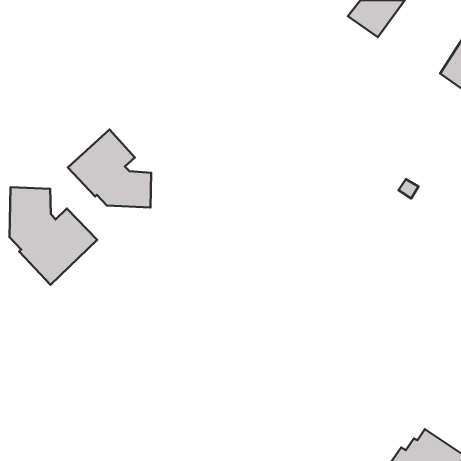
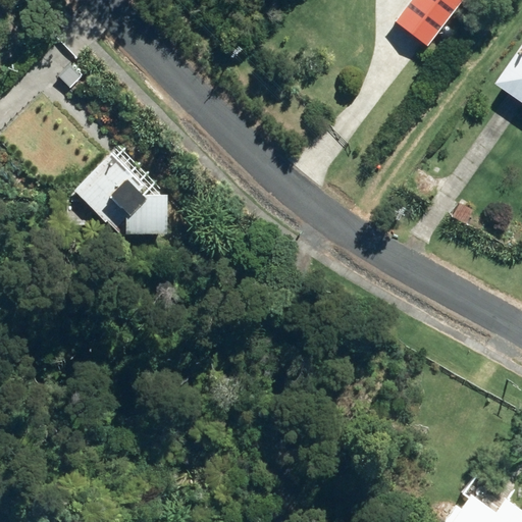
building: [10,187,97,285] -> none

